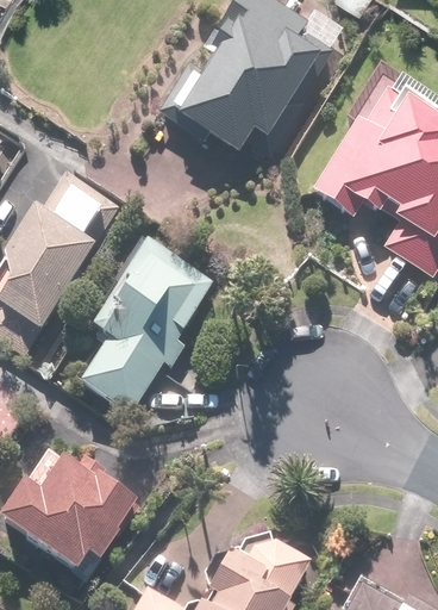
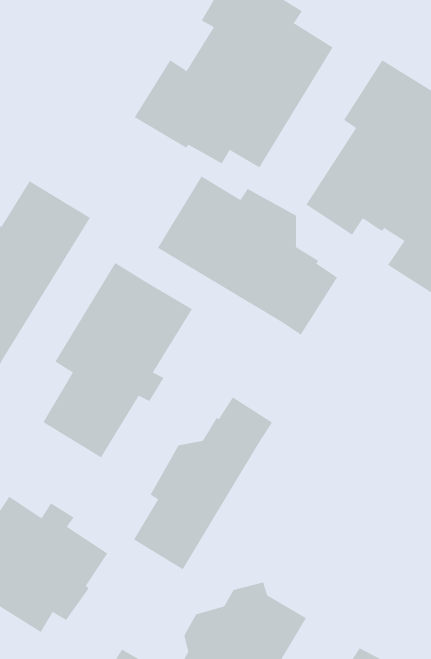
building: none -> [157,176,338,336]
building: none -> [133,396,273,570]

